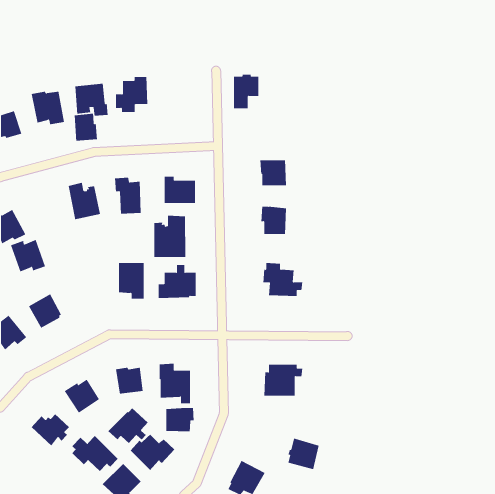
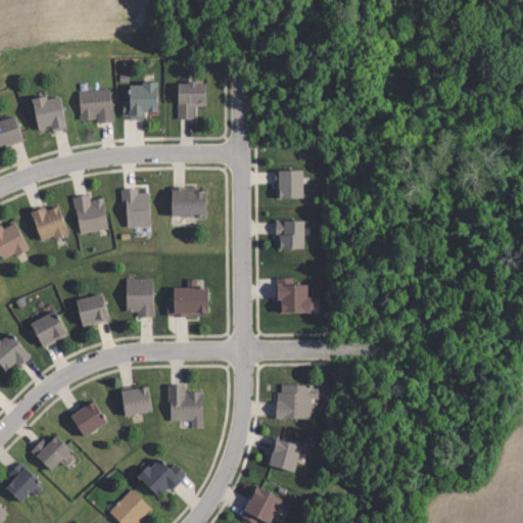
building: [233,74,259,109] -> [179,82,206,118]
building: [74,113,97,141] -> none
building: [154,215,186,258] -> none
building: [10,239,46,272] -> [30,205,67,240]
building: none -> [75,294,108,328]
building: [166,407,194,432] -> none
building: [108,407,149,444] -> none
building: [71,435,119,472] -> none
building: [288,438,320,470] -> [266,437,299,471]
building: none -> [6,463,41,504]

